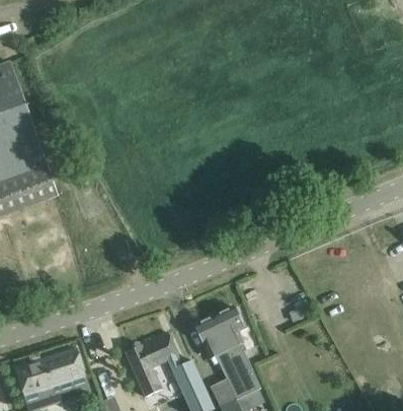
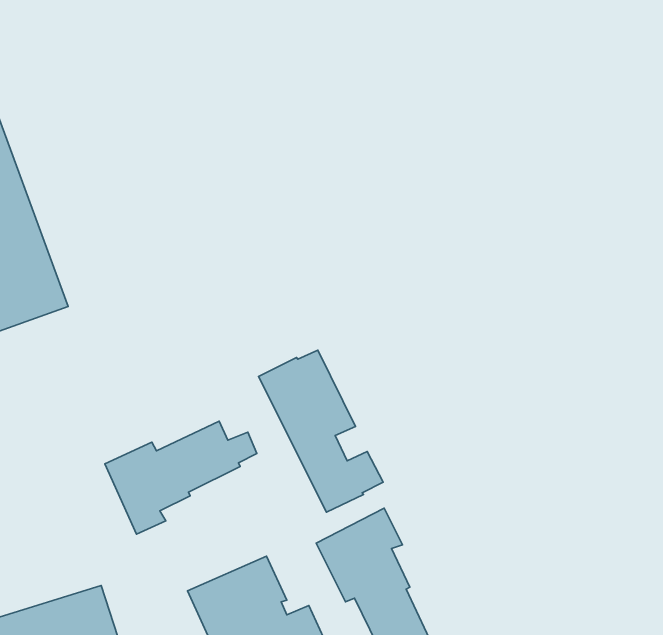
building: none -> [259,350,383,512]
building: none -> [105,421,257,534]

